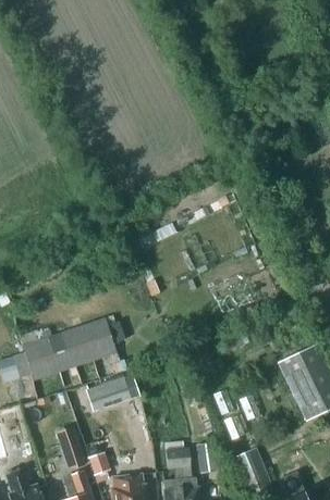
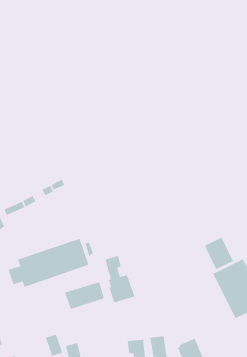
building: none -> [204,236,234,270]
building: none -> [104,255,135,303]

